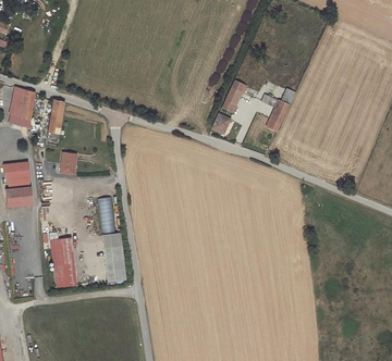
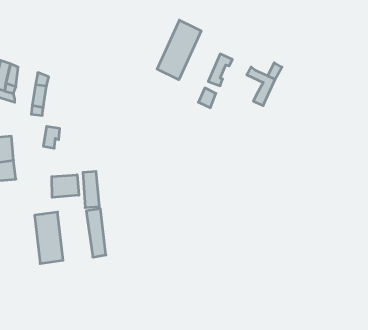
building: none -> [157,20,201,80]
building: none -> [52,175,79,197]

